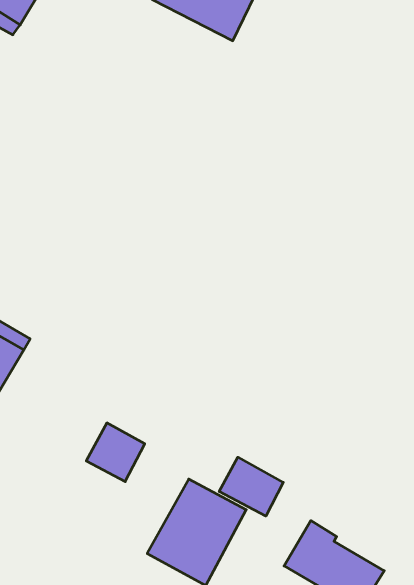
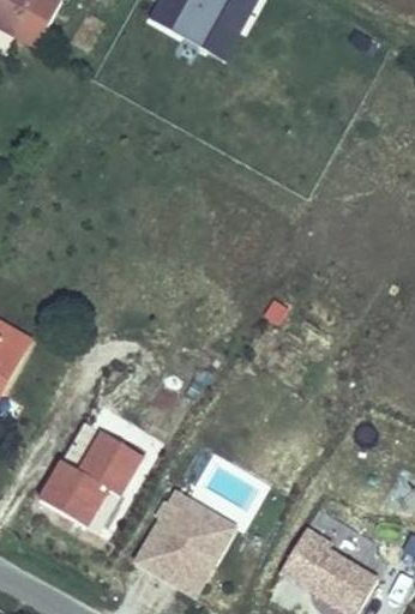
building: none -> [40,452,125,532]
building: [219,457,283,516] -> none

